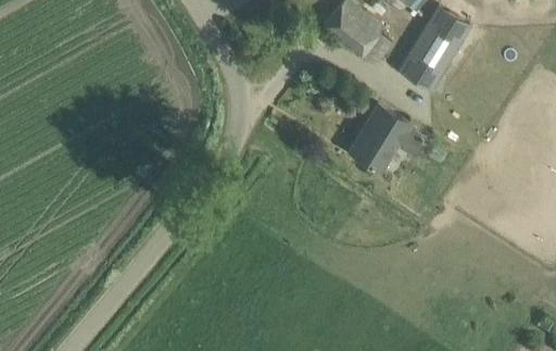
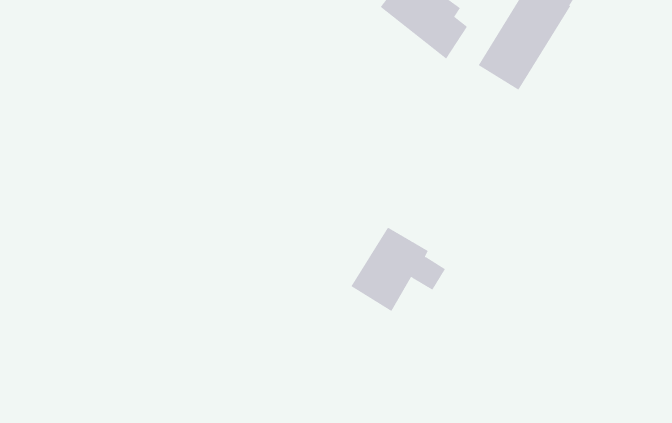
building: [350,105,422,171] -> [351,227,446,312]

